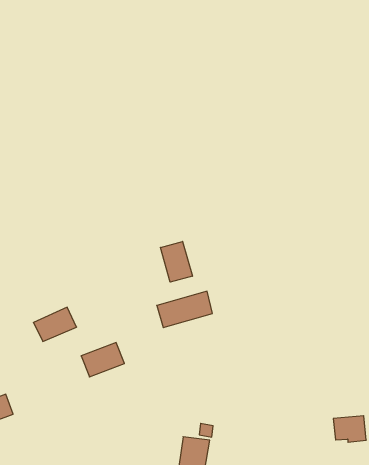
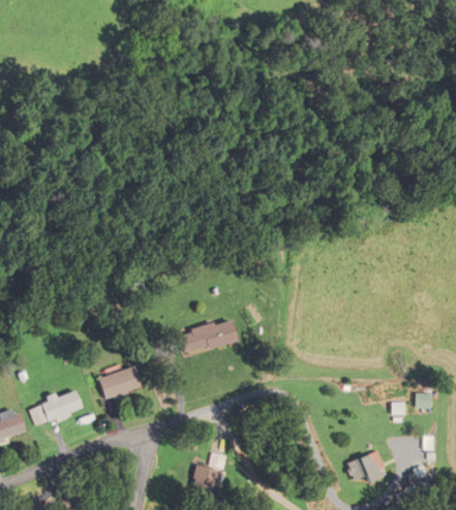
building: [160,241,192,282] -> none
building: [33,307,77,341] -> [40,389,84,422]

